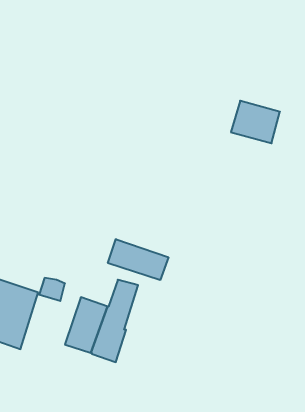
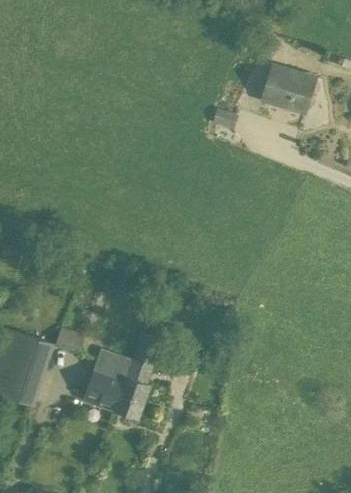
building: [231,101,280,143] -> [260,66,313,112]
building: [108,239,168,280] -> none

